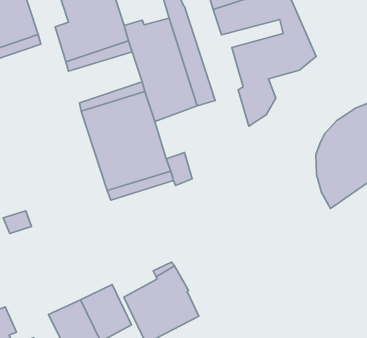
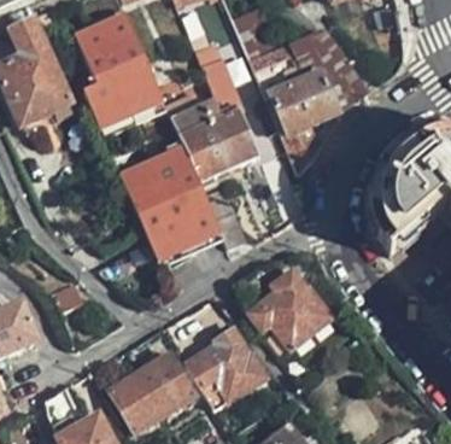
building: none -> [248,271,329,347]

